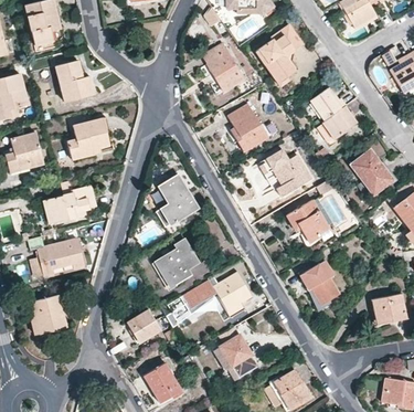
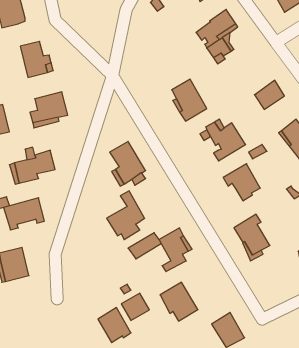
building: [203,44,244,92] -> none
building: [310,88,346,120] -> none
building: [128,310,160,341] -> [121,293,149,320]

